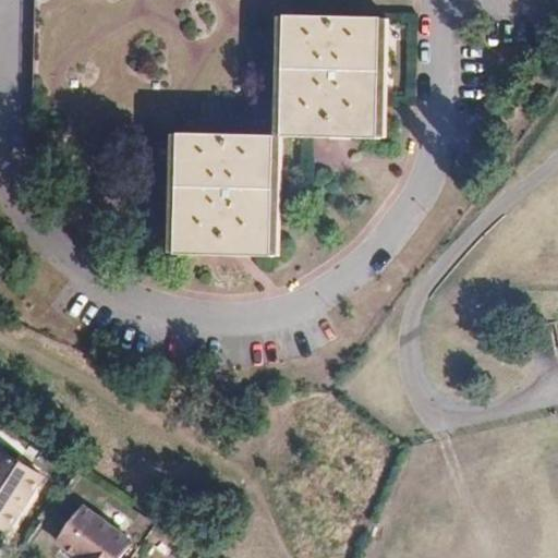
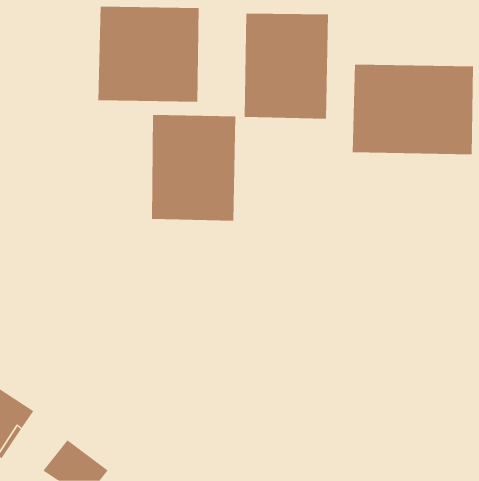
building: none -> [98,6,199,102]
building: none -> [352,64,473,155]

